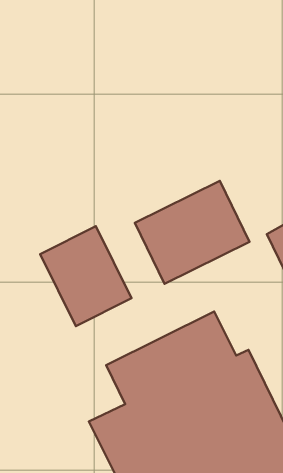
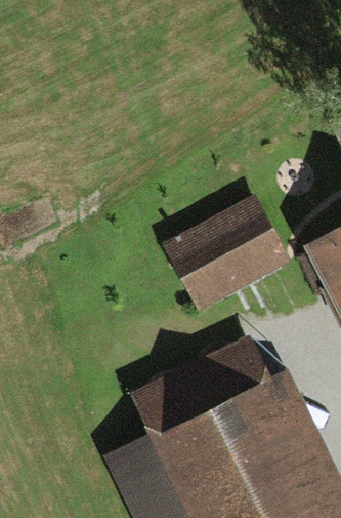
building: [40,226,131,326] -> none

